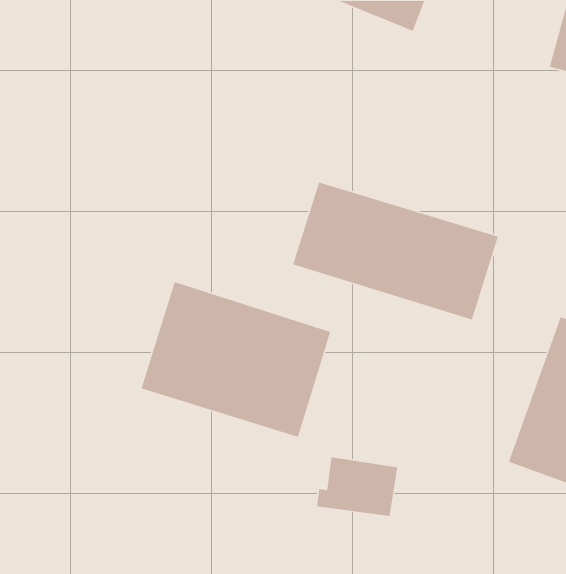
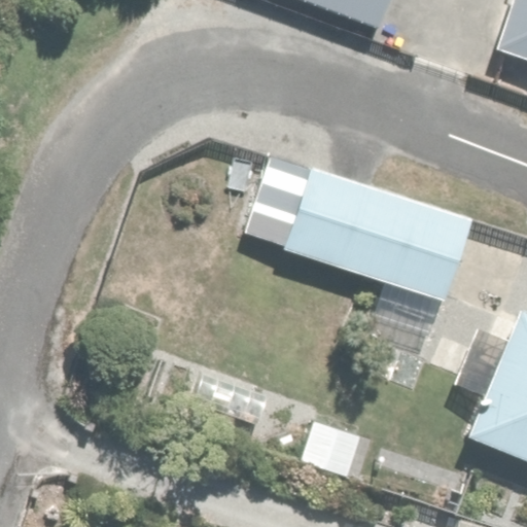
building: [141,281,331,438] -> none

